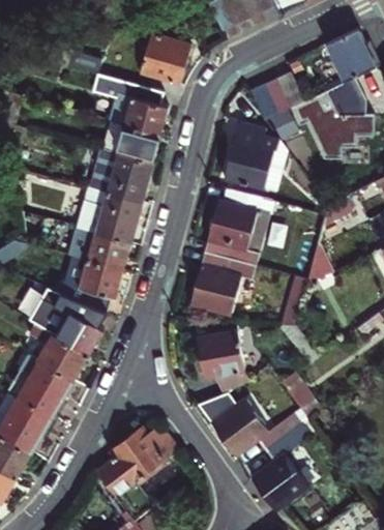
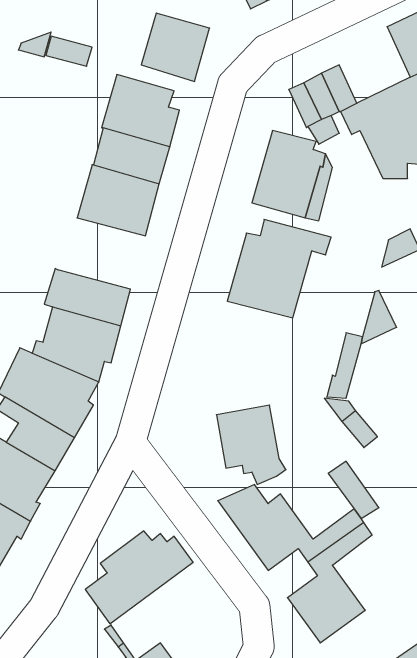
building: [76,188,142,243] -> none
building: [189,253,254,315] -> none

